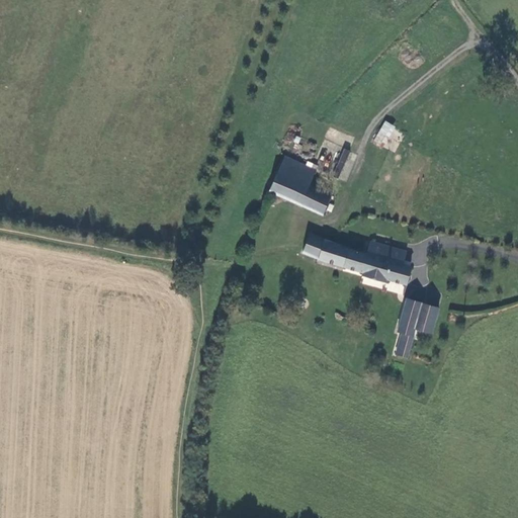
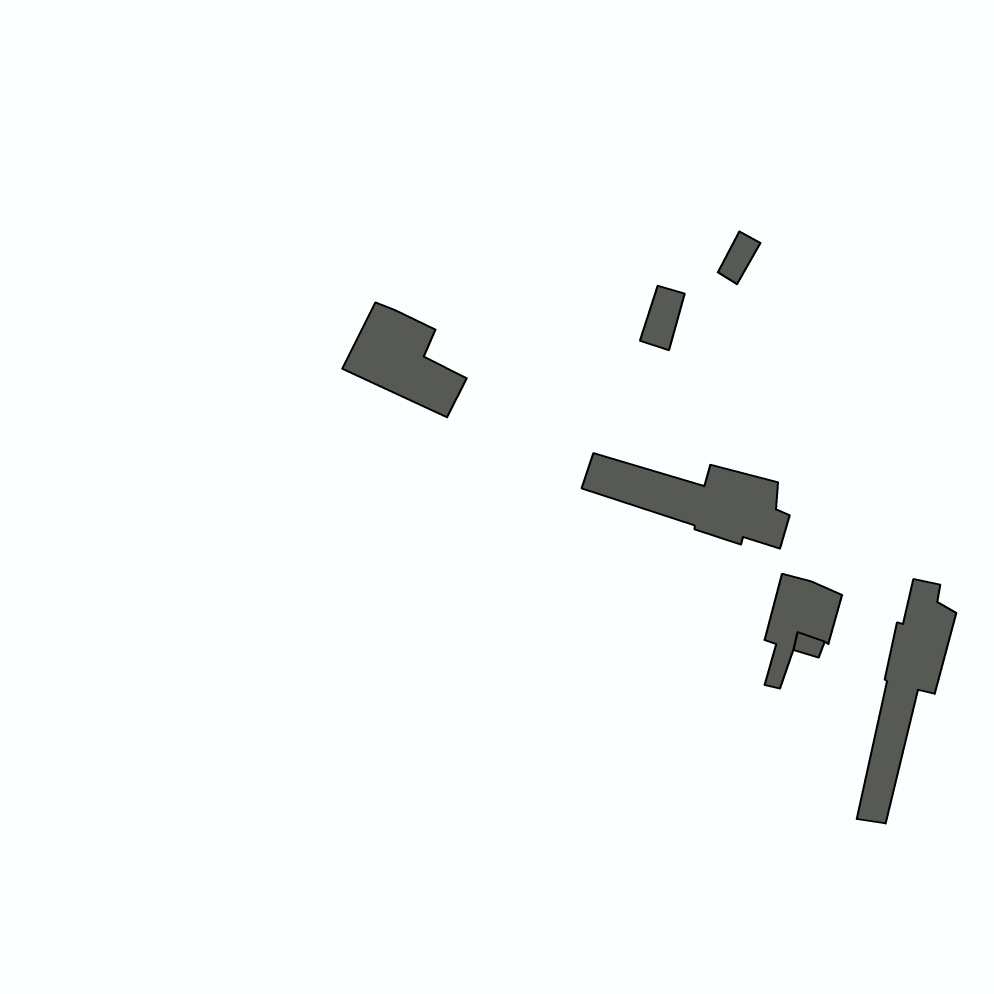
building: [268,157,333,217] -> [342,303,467,417]
building: none -> [857,579,956,824]

